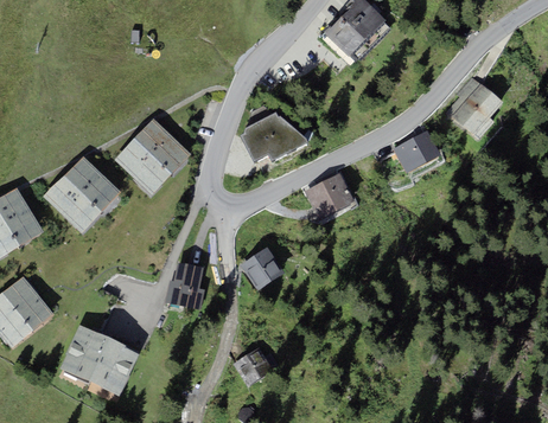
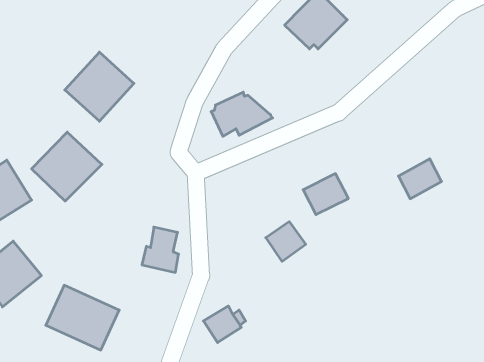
building: [447,77,504,139] -> none
building: [115,117,191,193] -> [65,52,134,121]
building: [394,128,441,172] -> [398,159,442,199]
building: [305,172,355,217] -> [303,174,348,215]
building: [241,245,285,289] -> [266,222,306,261]

